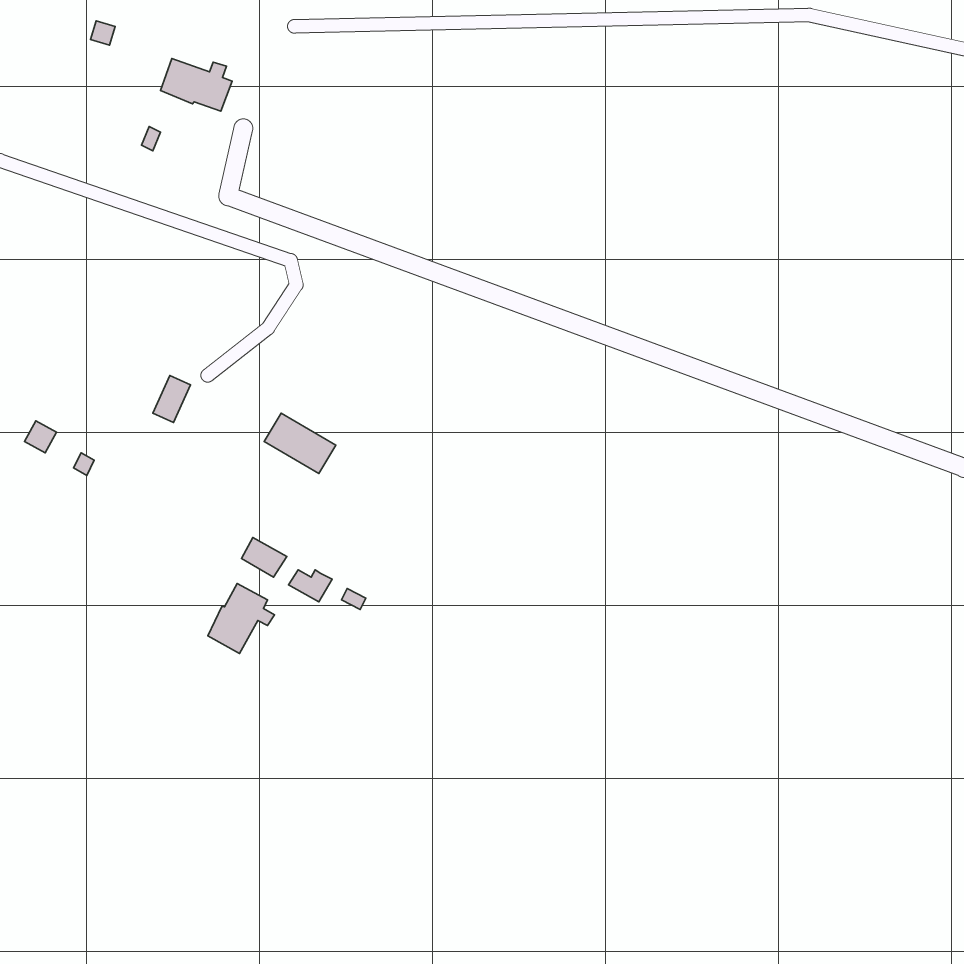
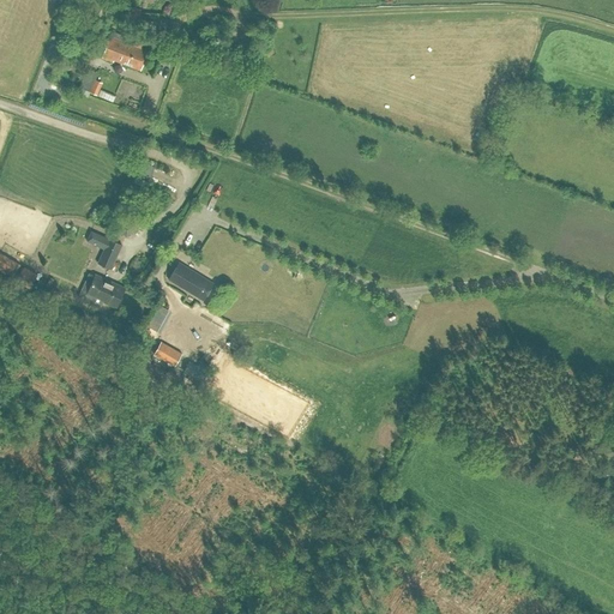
building: none -> [78,273,125,308]
building: [208,584,274,653] -> none

